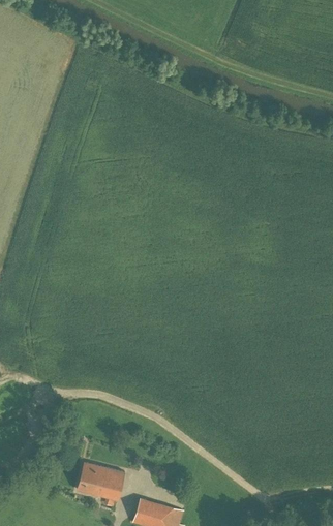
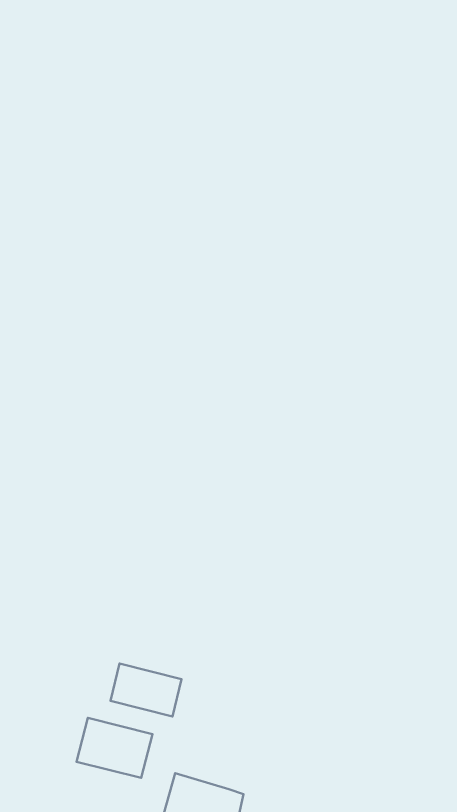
building: none -> [111,664,182,716]

